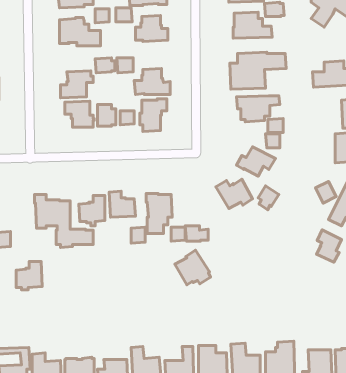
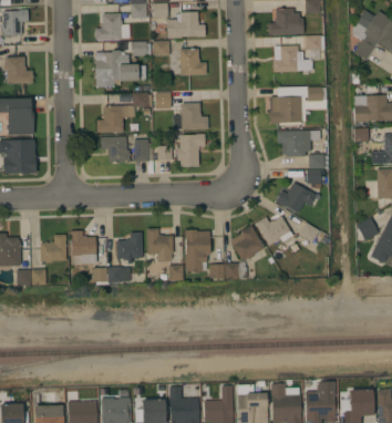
building: [317,230,341,262] -> none
building: [175,250,211,285] -> [229,226,266,261]
building: [16,262,42,290] -> [40,235,66,264]

